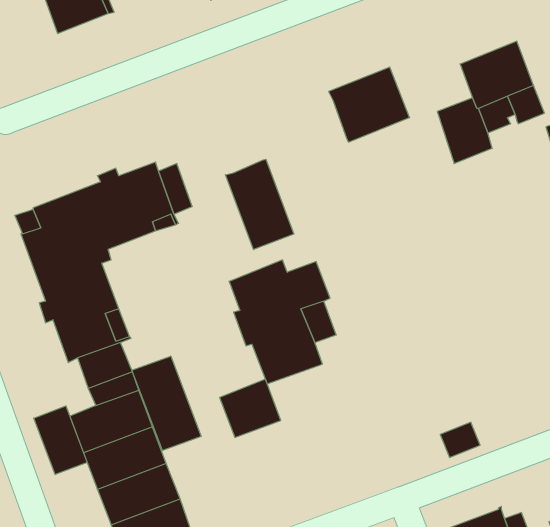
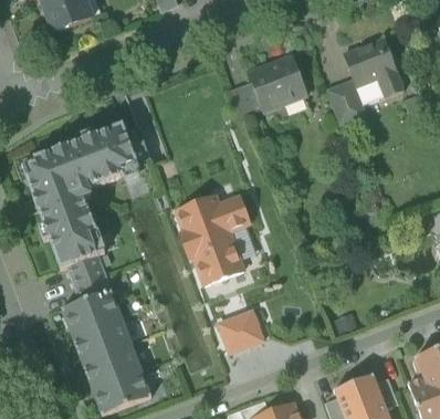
building: none -> [229,80,261,115]
building: [225,159,294,250] -> none
building: [132,356,201,450] -> none
building: [220,379,281,437] -> [218,310,262,352]
building: [34,406,87,475] -> none

